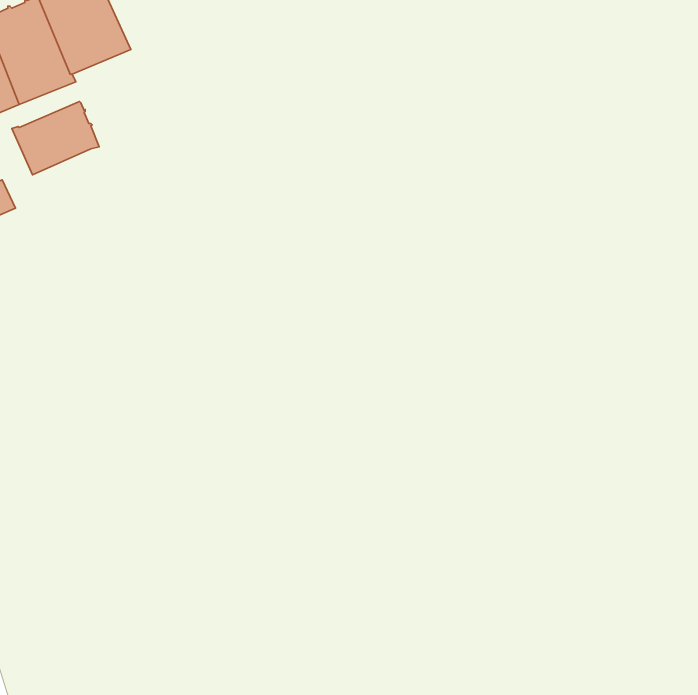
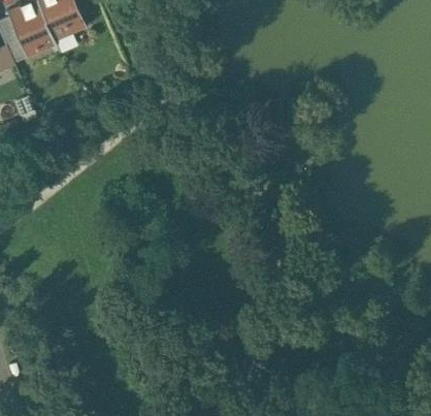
building: [12,102,99,175] -> none

